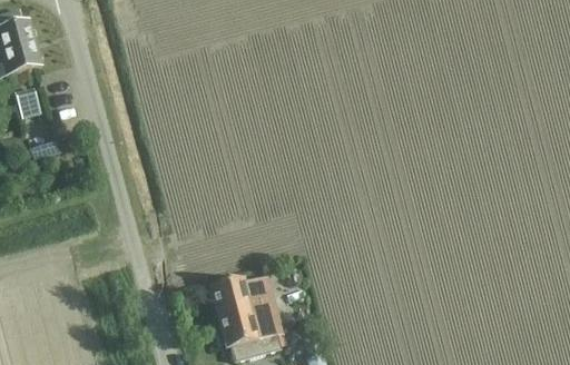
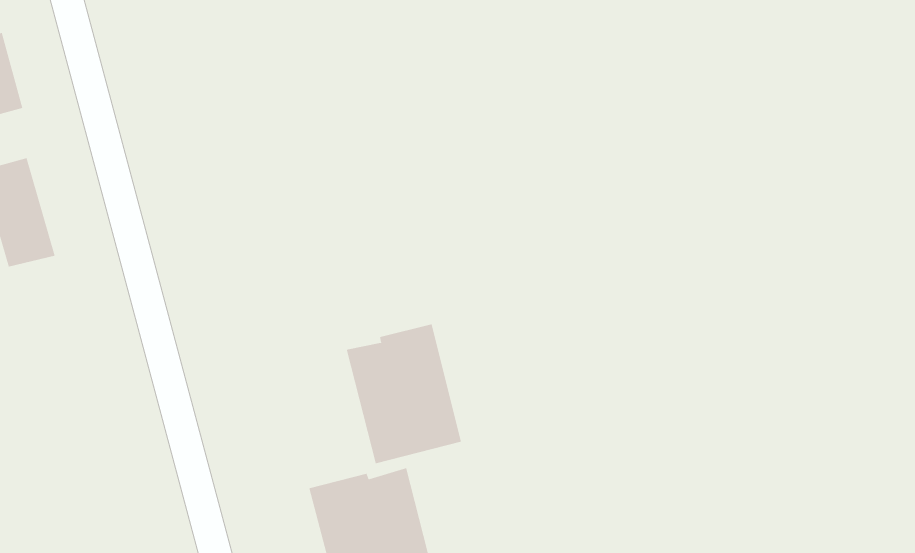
building: none -> [346,323,461,464]

